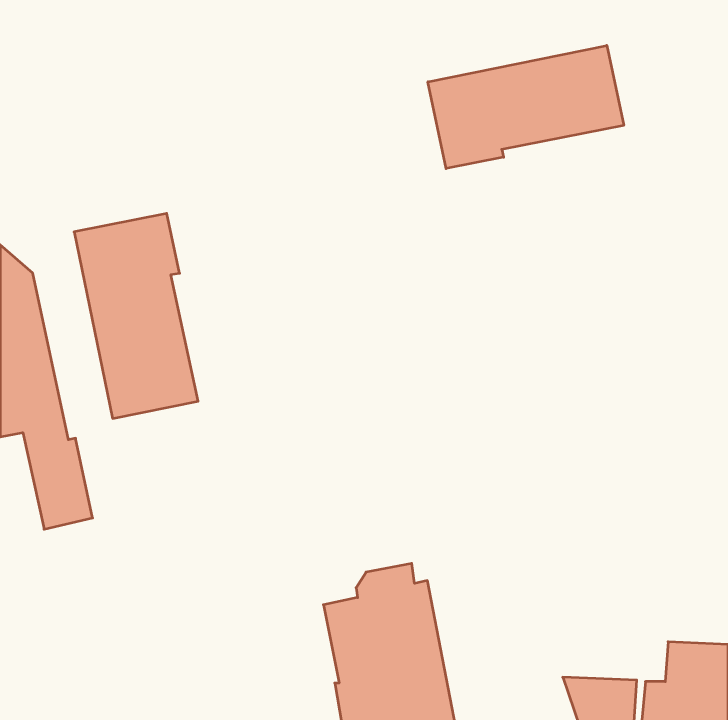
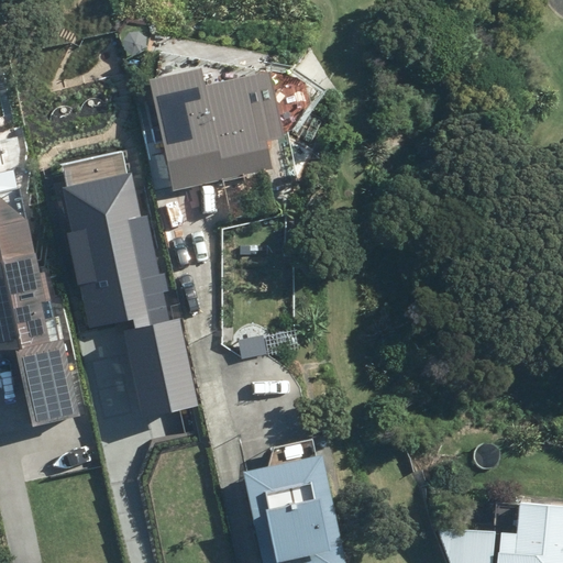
building: [428,45,624,169] -> none
building: none -> [156,53,294,192]
building: none -> [122,319,199,420]

